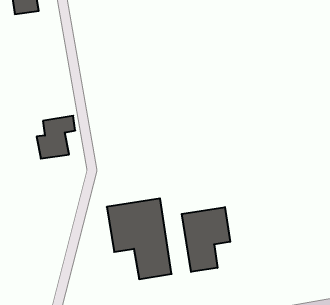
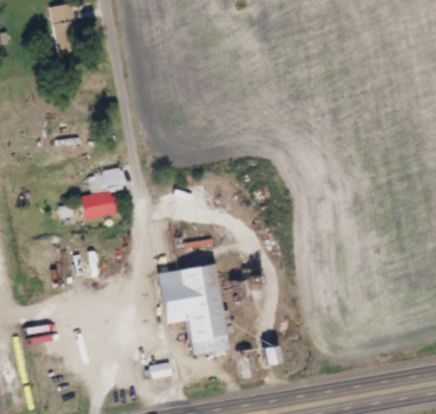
building: [182,207,230,272] -> none

